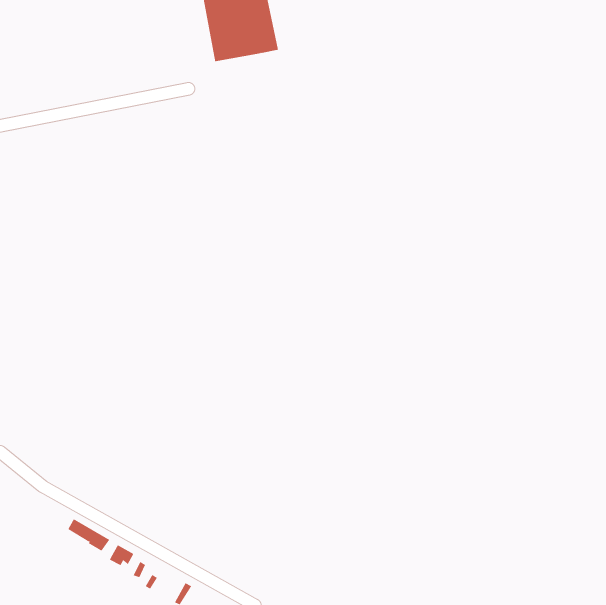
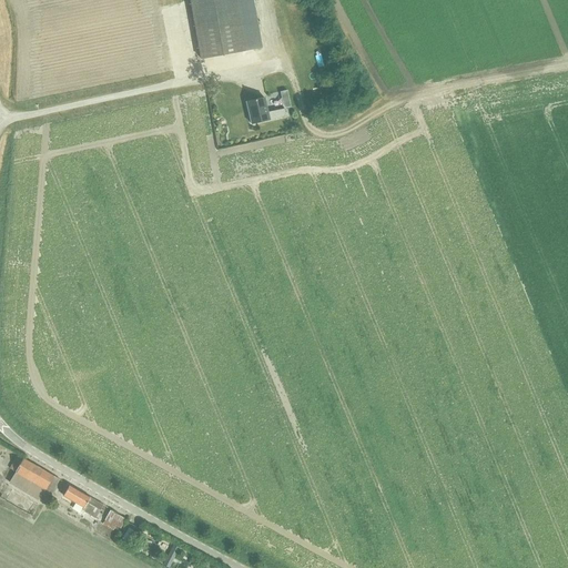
building: none -> [246,98,286,122]
building: none -> [9,454,60,499]

